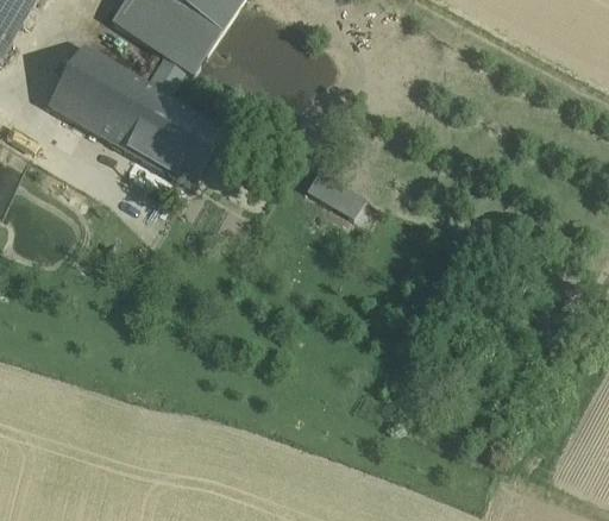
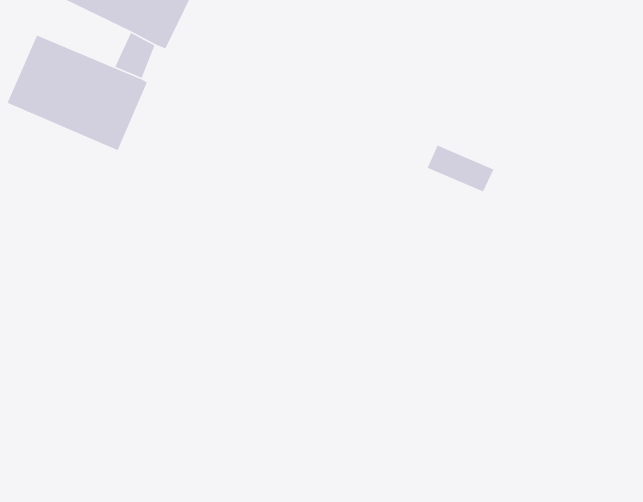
building: [140,100,222,186] -> none
building: [306,172,364,219] -> [426,145,494,193]

